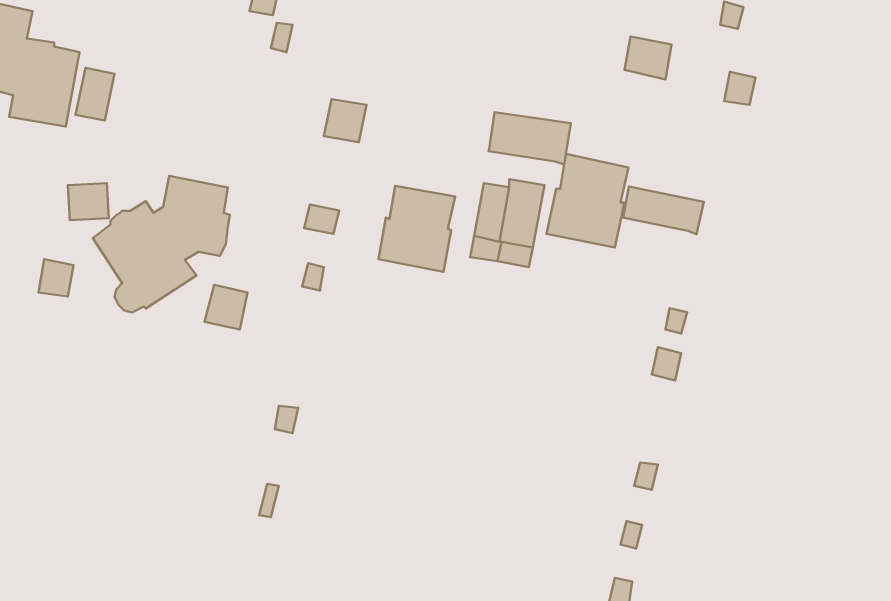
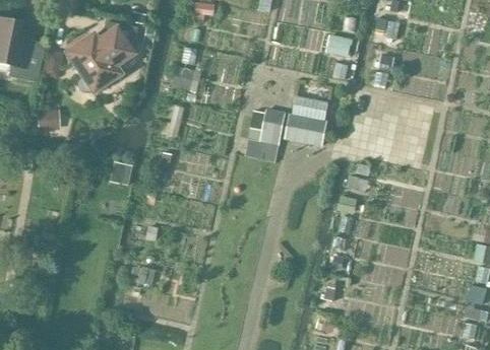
building: [488,112,571,165] -> none
building: [93,176,230,312] -> [64,21,135,92]
building: [378,186,455,272] -> none
building: [623,187,704,234] -> none

